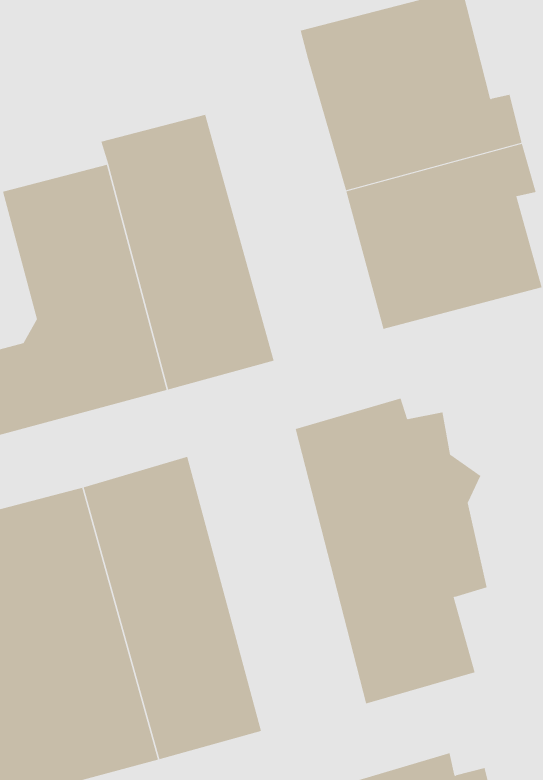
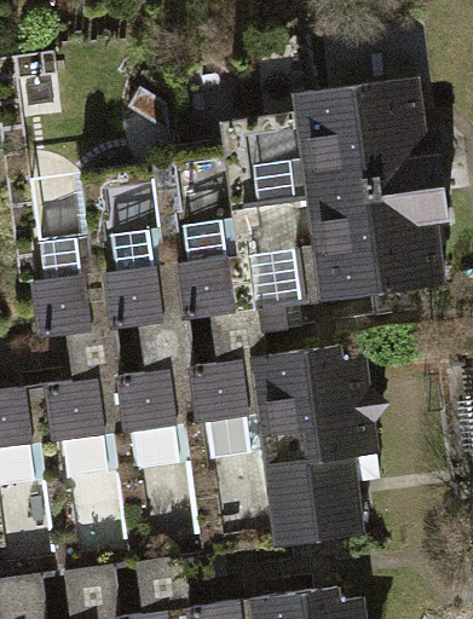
building: none -> [235,110,335,308]
building: none -> [194,355,289,554]

